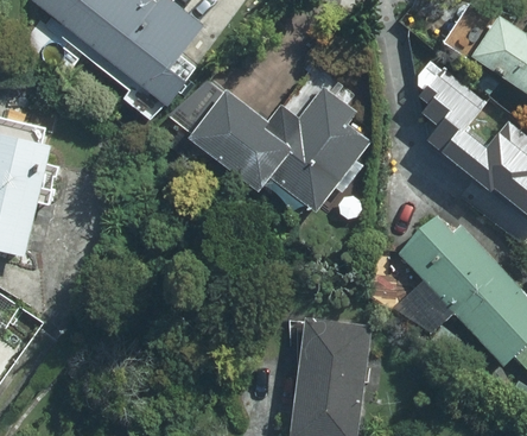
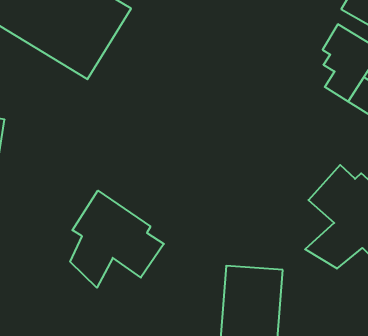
building: [191,91,363,214] -> none
building: none -> [70,191,164,288]

